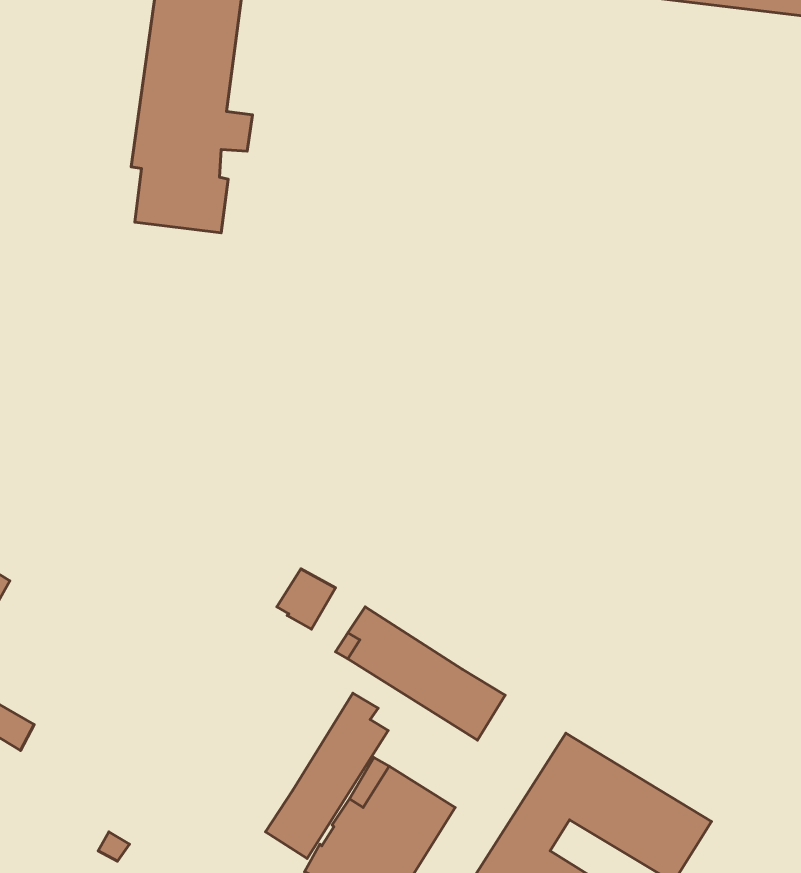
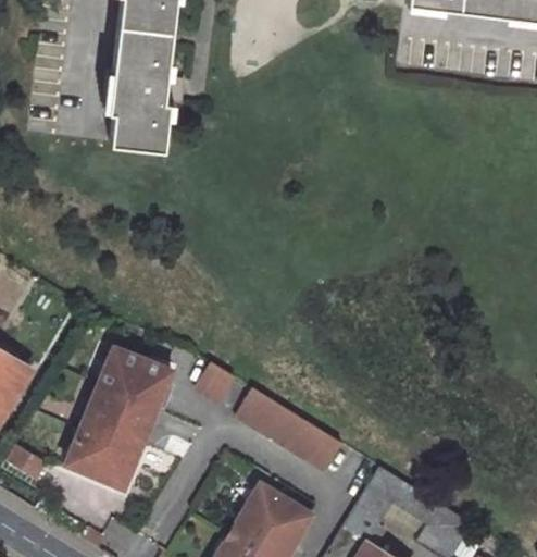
building: none -> [66,347,174,488]
building: [266,693,388,859] -> none

